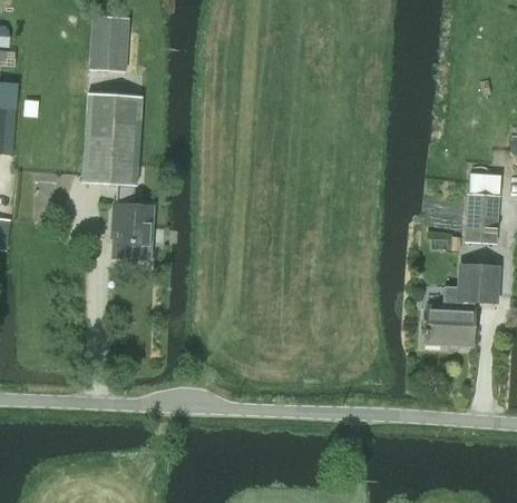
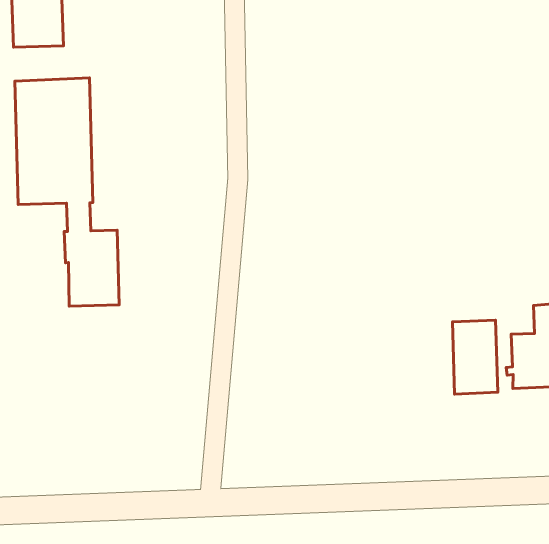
building: none -> [452,320,498,394]

